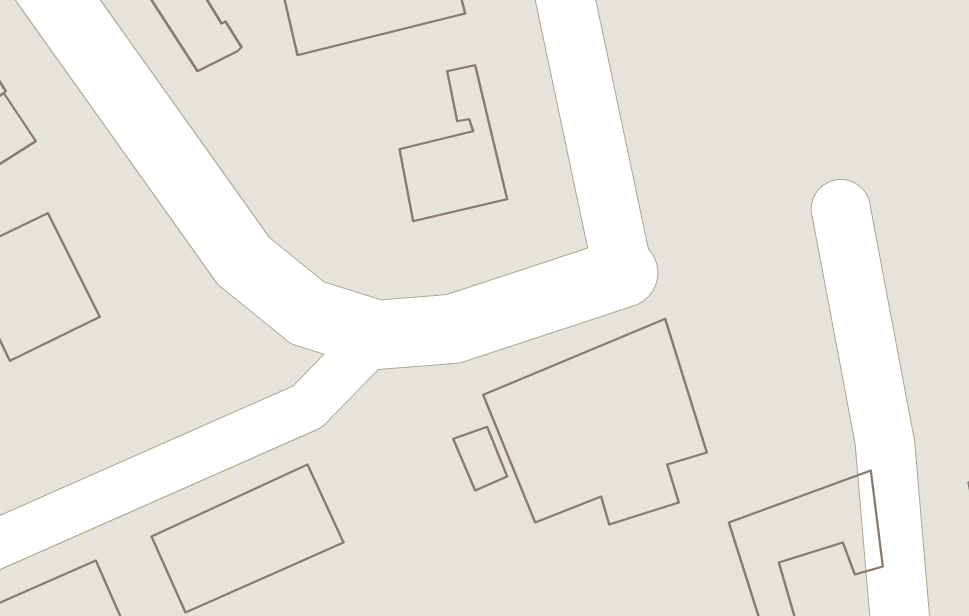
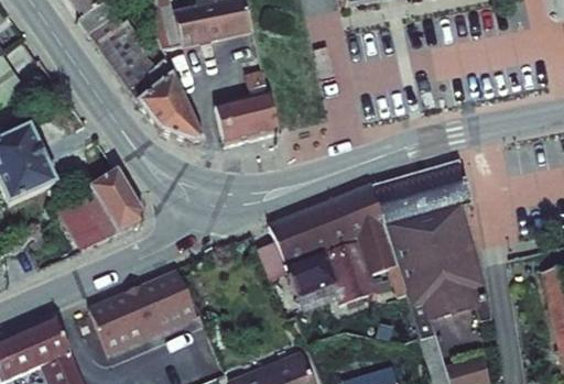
building: none -> [110,42,209,141]
building: none -> [369,158,482,301]
building: none -> [53,175,137,255]

